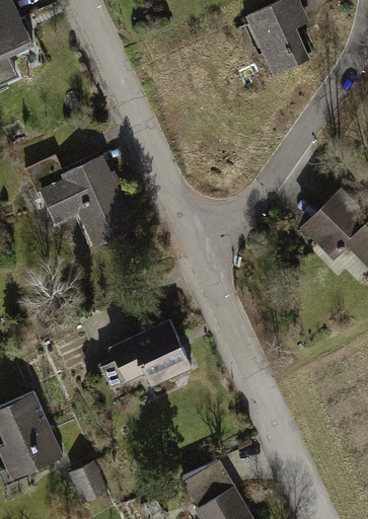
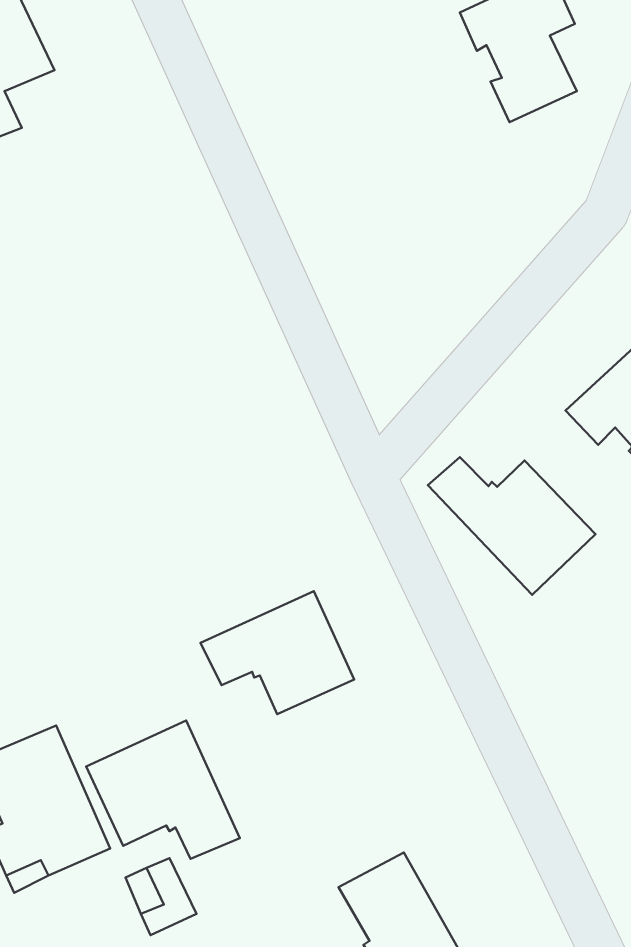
building: [24,156,132,244] -> none
building: none -> [428,457,595,595]
building: none -> [86,721,240,859]

